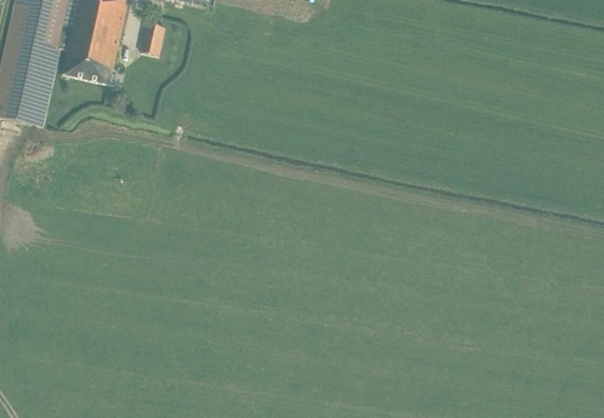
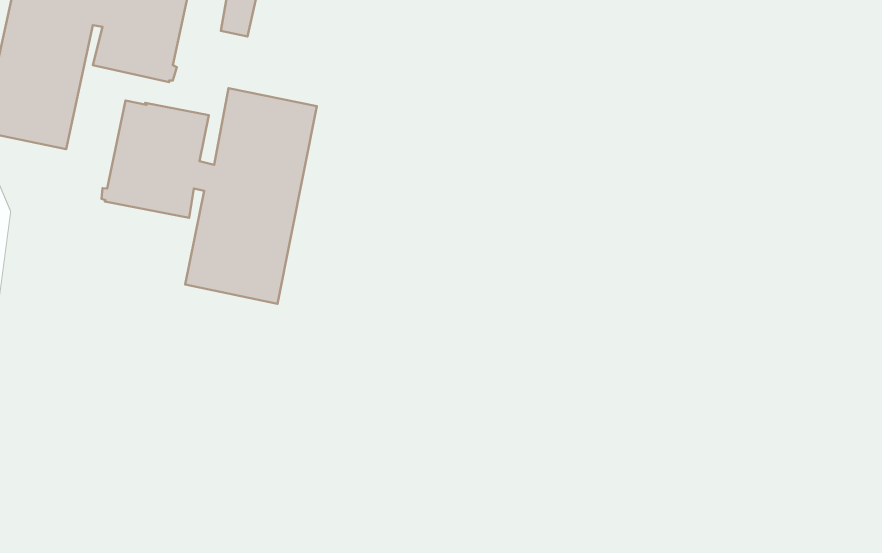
building: none -> [102,88,317,304]

